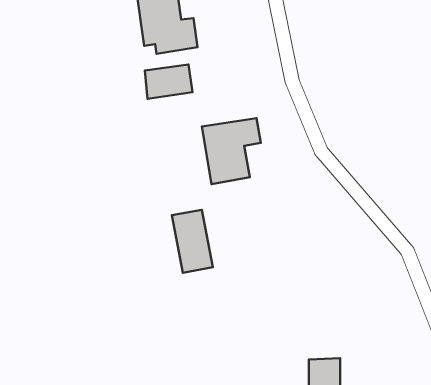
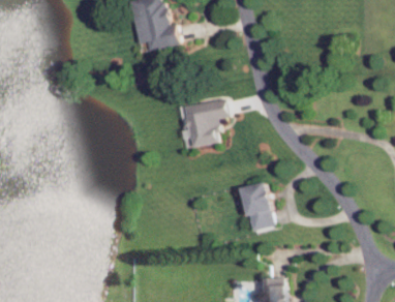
building: [145,64,193,99] -> none
building: [172,210,213,273] -> [244,183,275,231]

